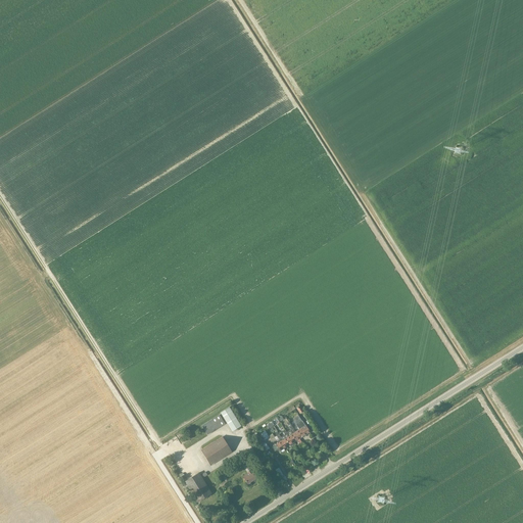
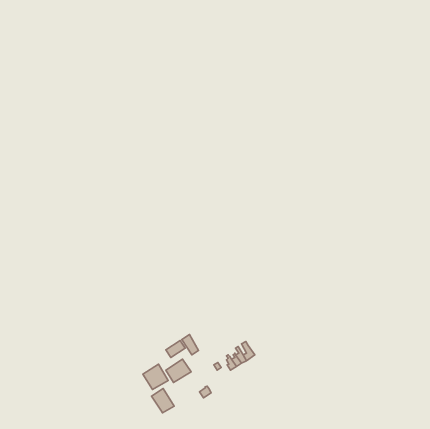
building: none -> [143,364,168,389]

